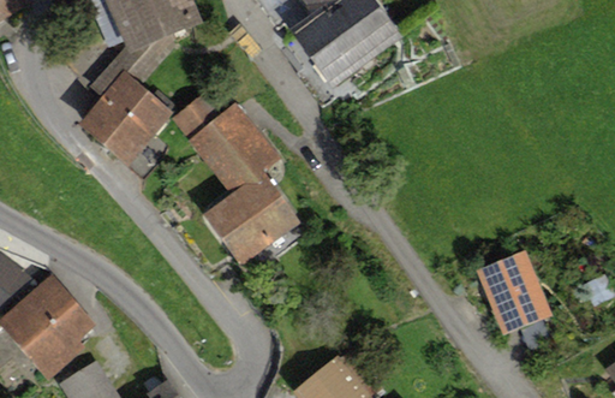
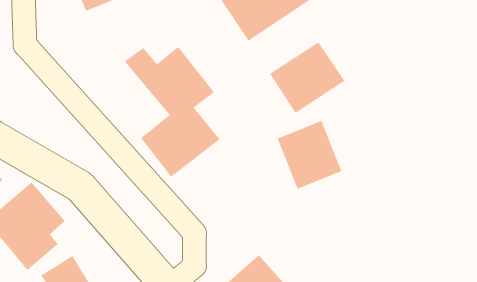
building: [74,73,169,170] -> none
building: none -> [269,41,345,114]
building: [470,249,551,335] -> [277,120,342,189]

